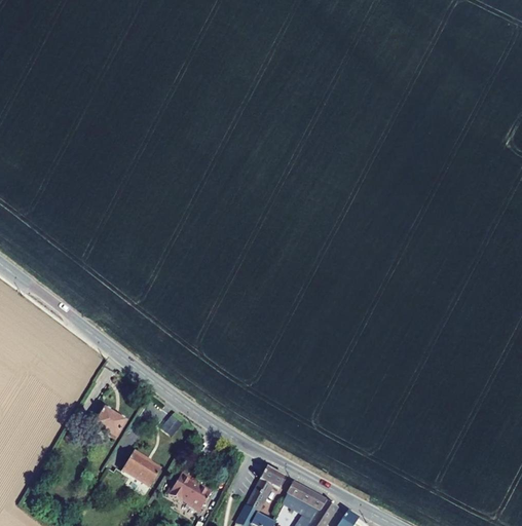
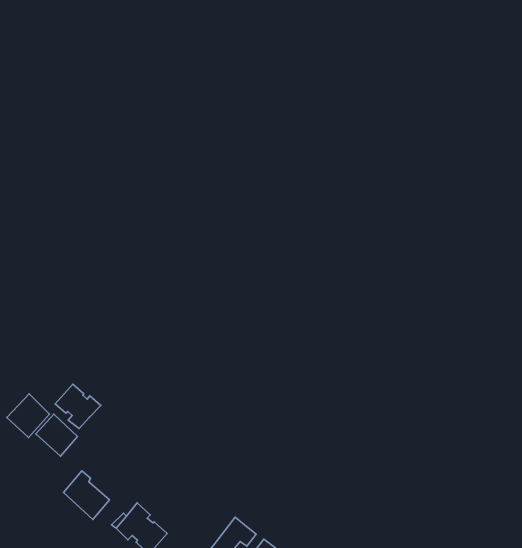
building: none -> [55,384,101,428]
building: none -> [7,394,50,437]

